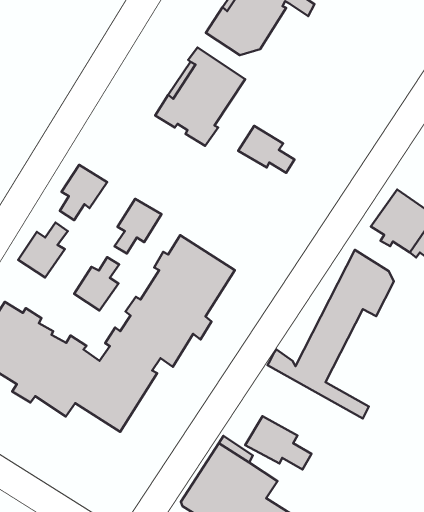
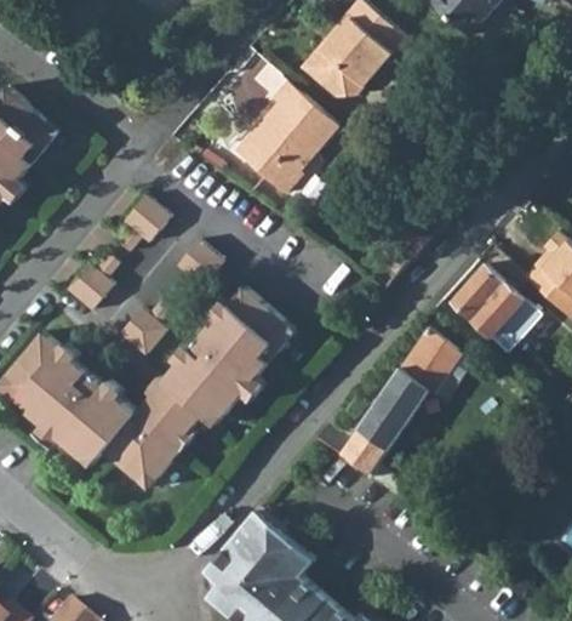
building: [238,126,294,173] -> none
building: [245,416,312,469] -> none

